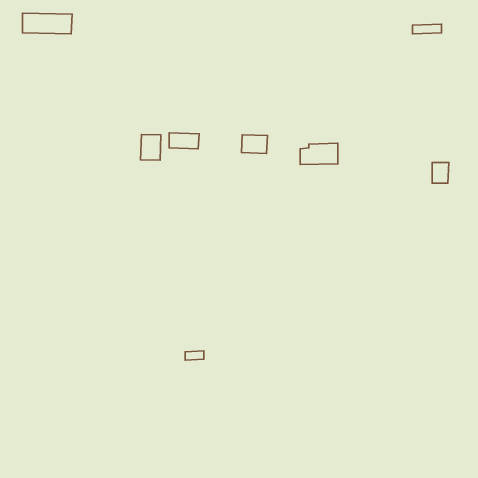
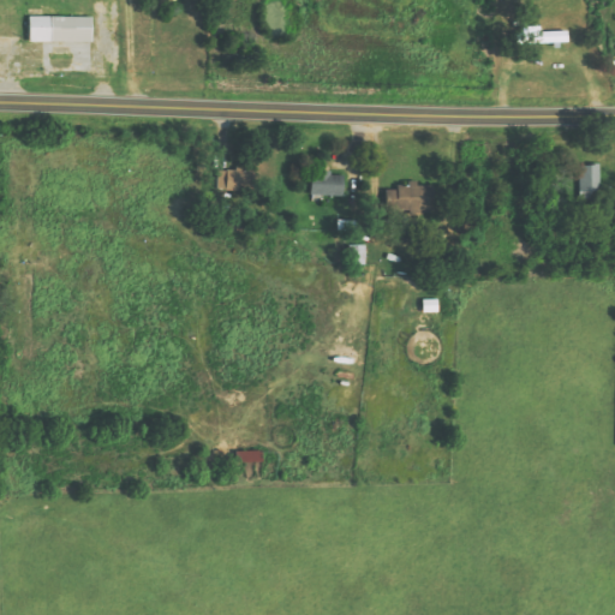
building: [141,135,161,160] -> none
building: [432,163,449,183] -> [579,166,601,192]

